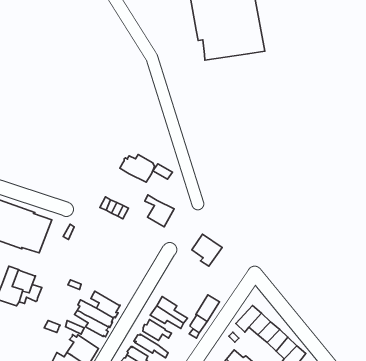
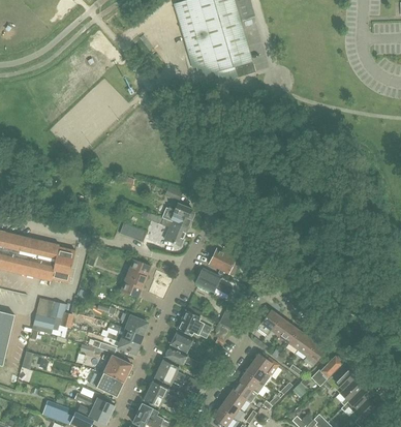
building: [120,155,155,182] -> [161,203,193,227]
building: none -> [119,258,150,298]
building: none -> [194,268,232,296]

